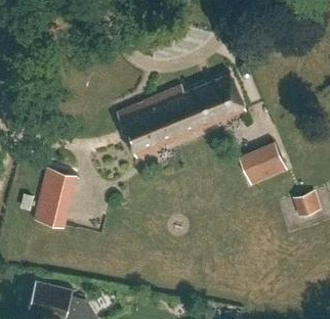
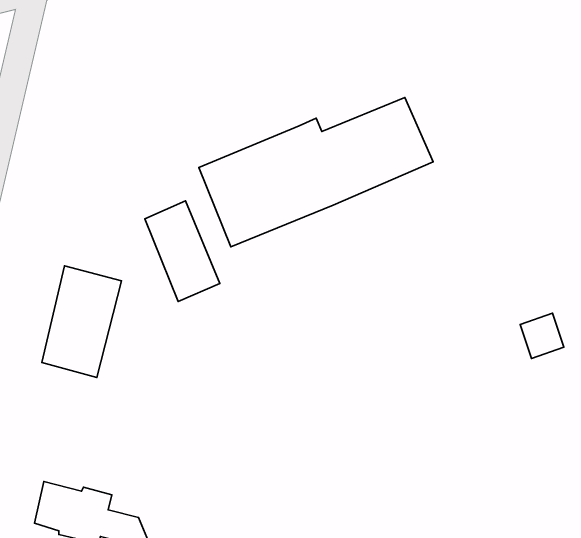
building: none -> [145,201,220,302]
building: [239,141,286,184] -> none

